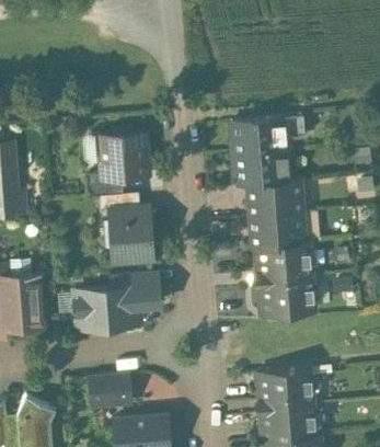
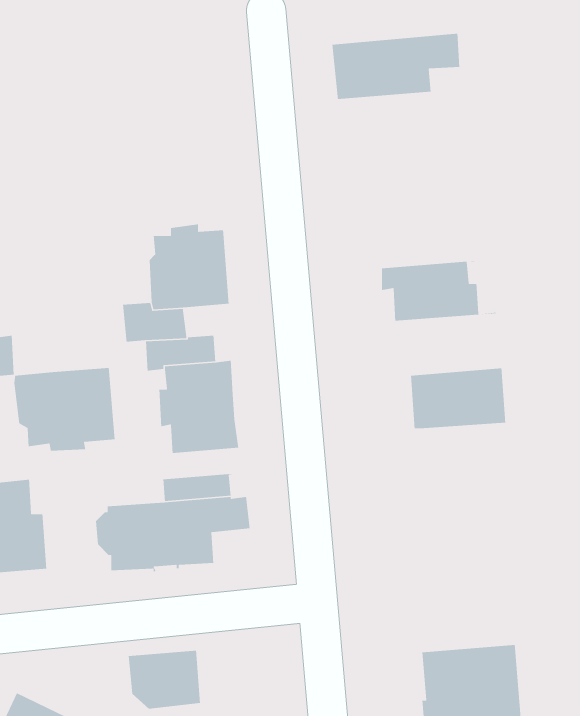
building: [230,117,303,156] -> [331,33,460,100]
building: [241,182,302,217] -> none
building: none -> [14,367,116,451]
building: [253,243,314,317] -> none

